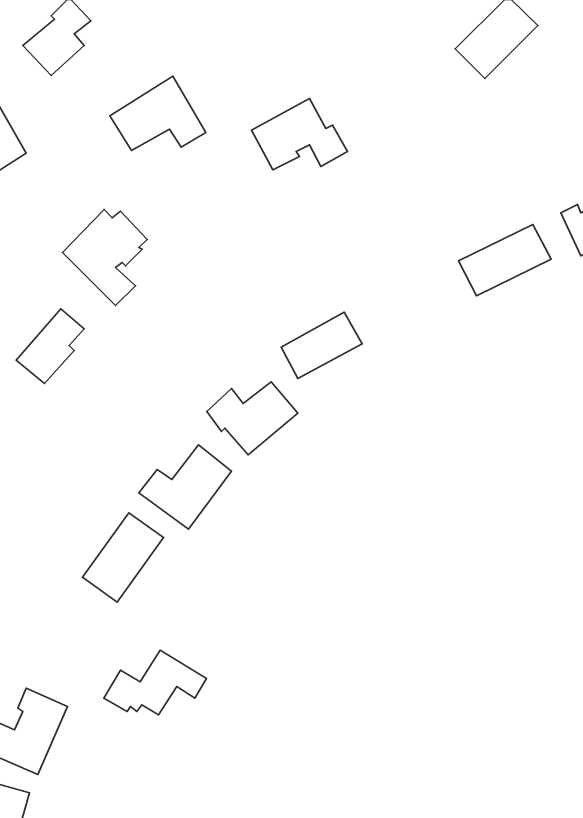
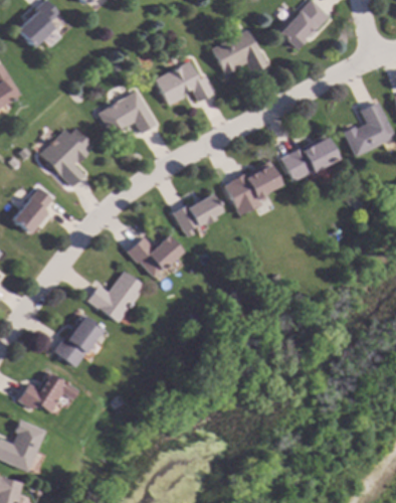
building: none -> [212,29,267,72]
building: [110,76,206,151] -> [98,90,157,135]
building: none -> [225,164,281,215]
building: [104,650,207,715] -> [17,371,79,410]

